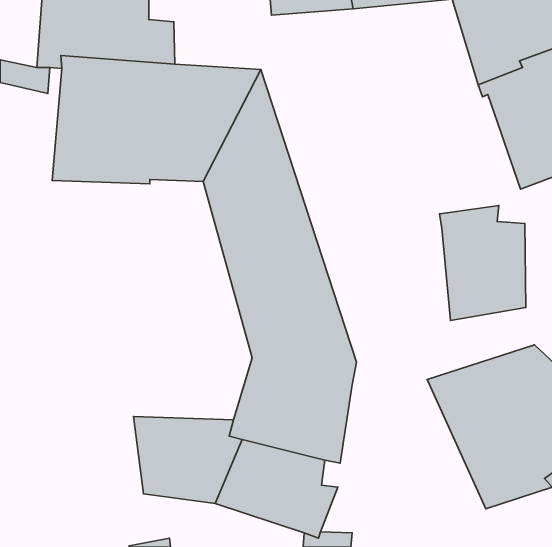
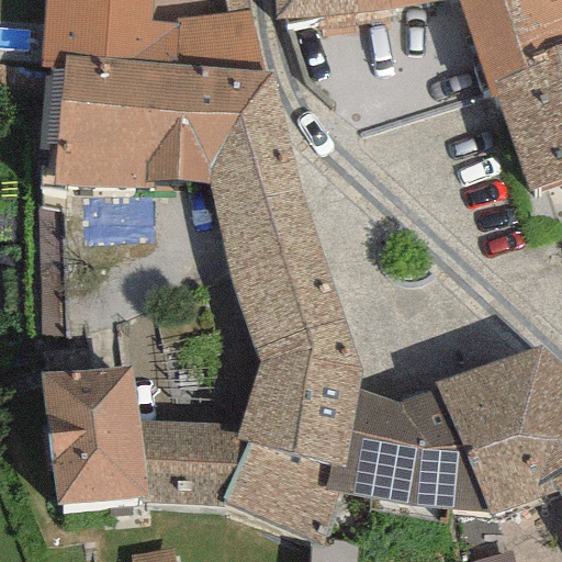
building: none -> [179,8,267,70]
building: [439,205,526,321] -> none
building: none -> [38,366,148,510]
building: none -> [328,383,494,514]

